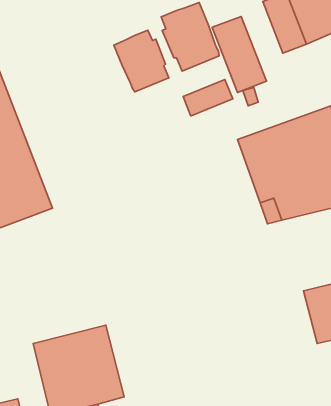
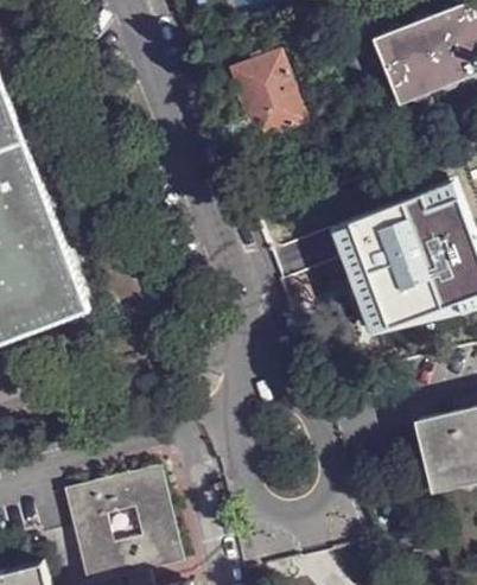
building: [212,16,266,93] -> none
building: [114,30,169,92] -> none
building: [183,79,233,116] -> none

